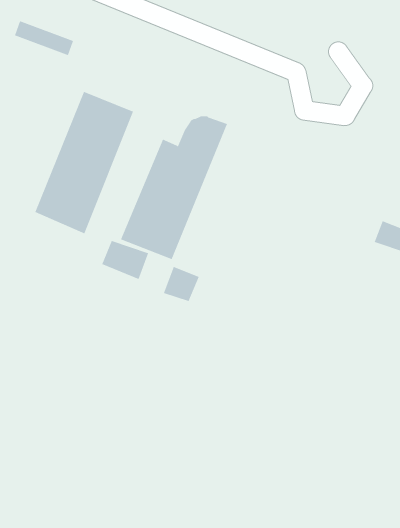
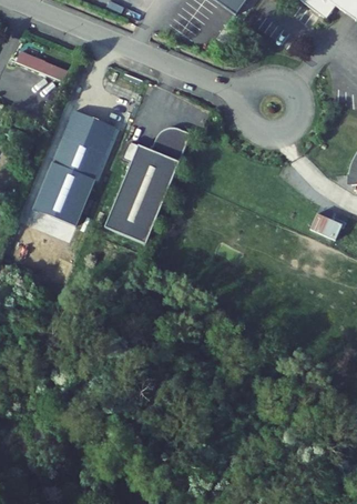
building: [101,240,149,280] -> none
building: [163,266,199,302] -> none

